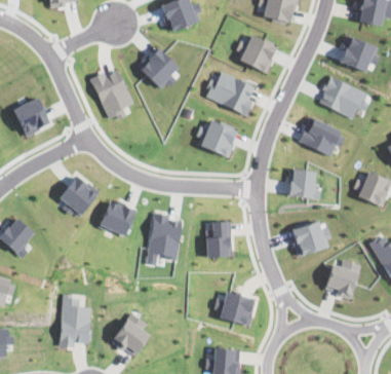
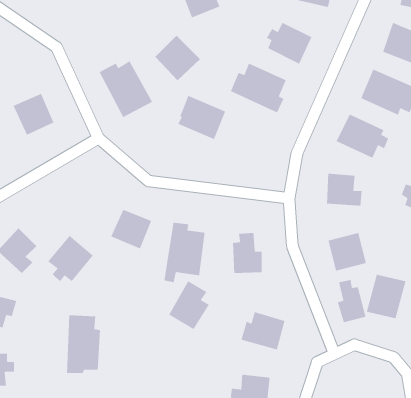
building: [198,118,241,158] -> [177,95,226,140]
building: [60,174,101,216] -> [47,235,94,282]
building: none -> [337,279,366,323]
building: [113,312,150,357] -> [168,280,210,330]

